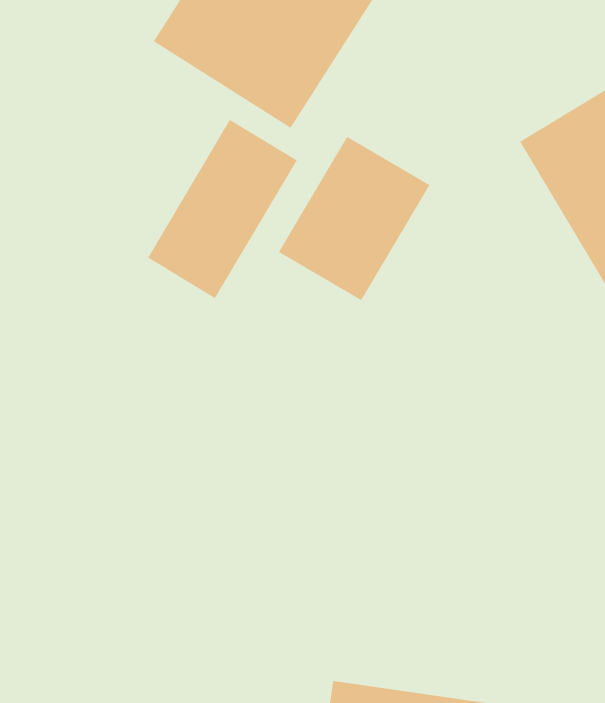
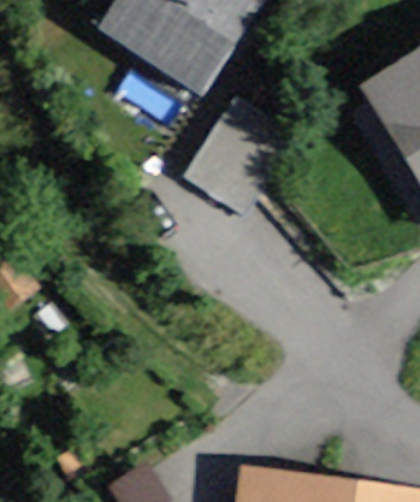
building: [147,119,298,299] -> none

